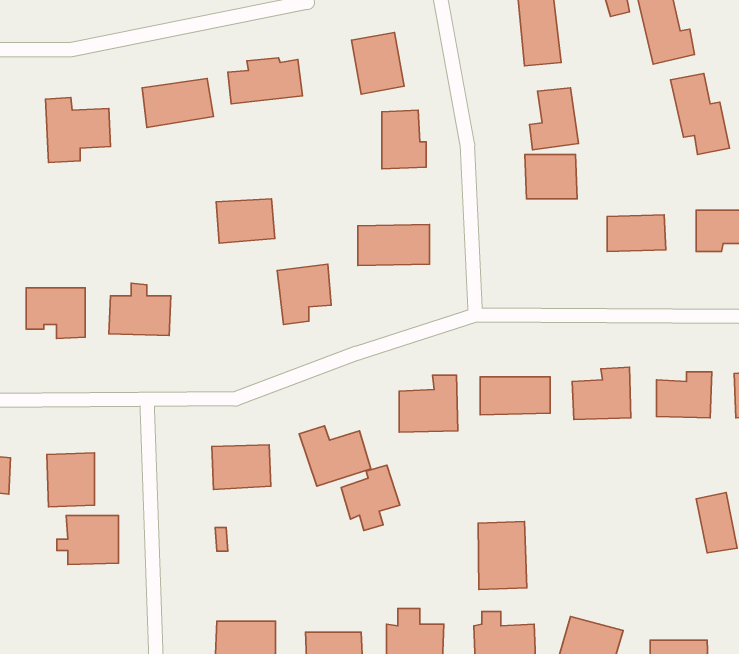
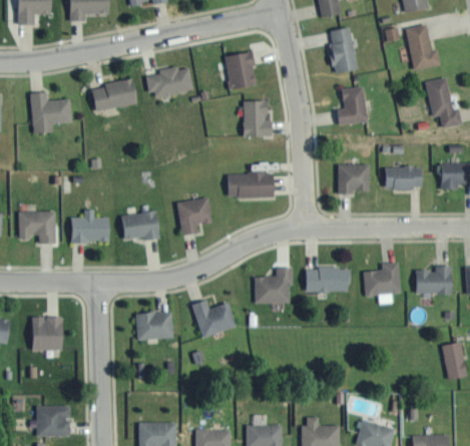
building: [525,154,577,199] -> [338,164,371,192]
building: [216,199,275,243] -> [122,212,159,241]
building: [341,465,400,530] -> none
building: [57,515,119,565] -> [30,406,69,437]
building: [478,521,527,590] -> none

